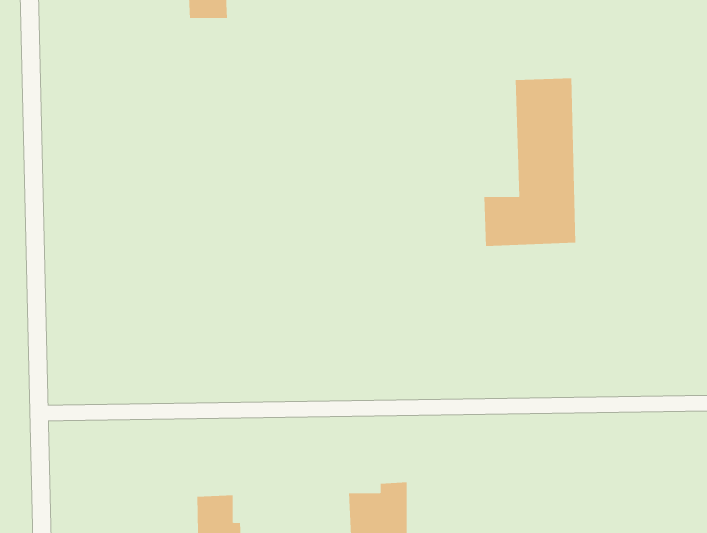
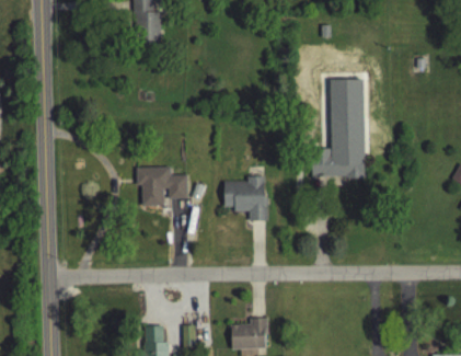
building: none -> [136,166,187,206]
building: none -> [223,176,266,220]

